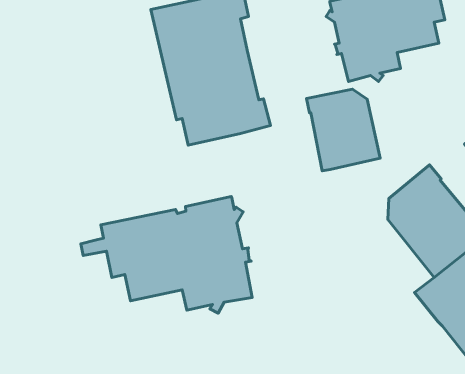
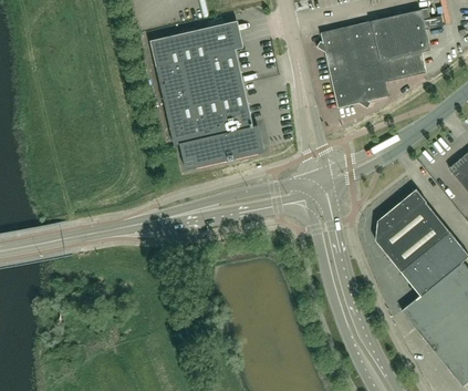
building: [307,89,380,171] -> none
building: [81,197,252,313] -> none

